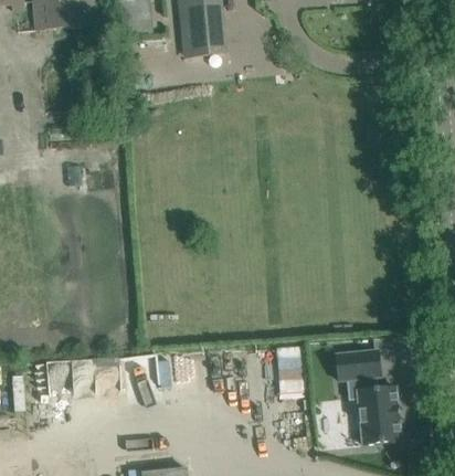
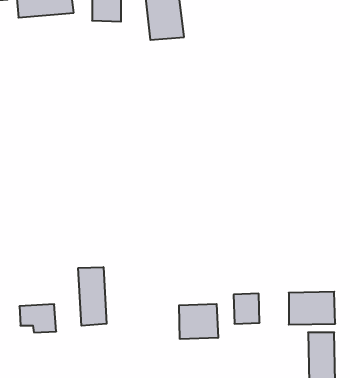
building: none -> [78,267,107,326]
building: none -> [179,304,218,339]

